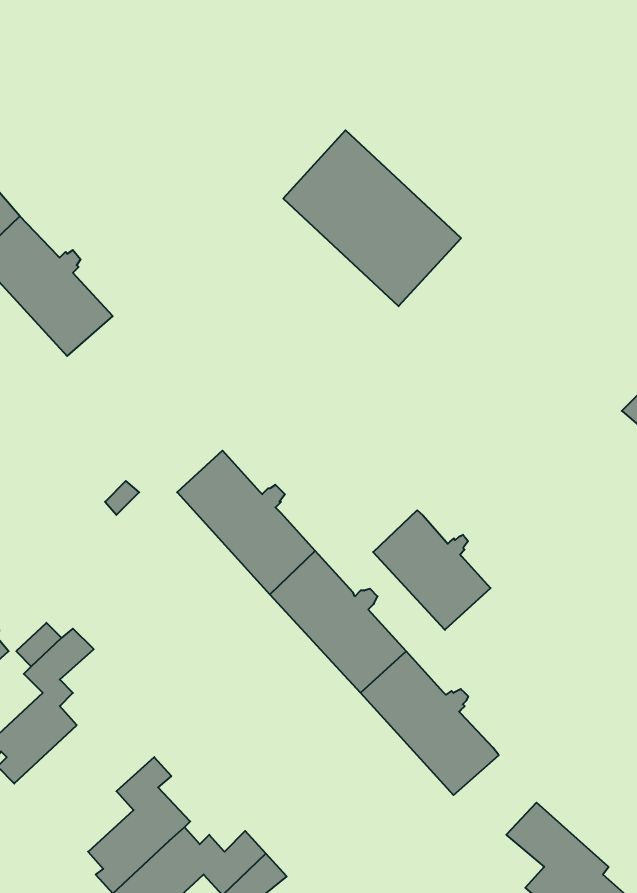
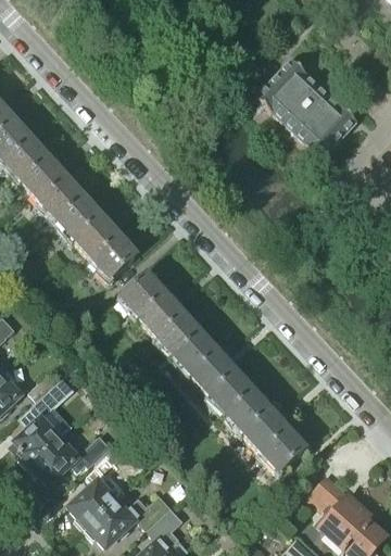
building: [283,130,461,306] -> [254,56,356,157]
building: none -> [58,199,137,280]
building: [373,510,491,630] -> none
building: none -> [27,433,112,484]

